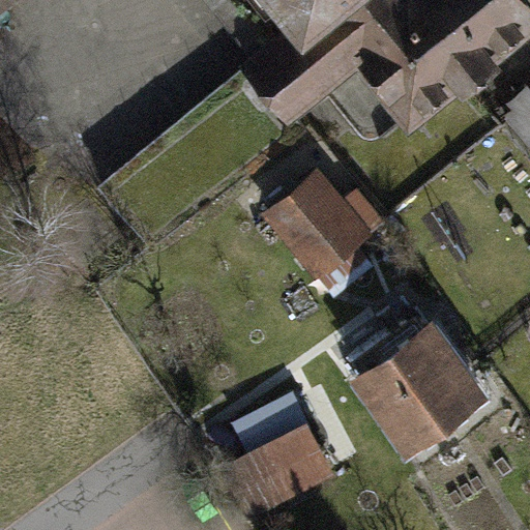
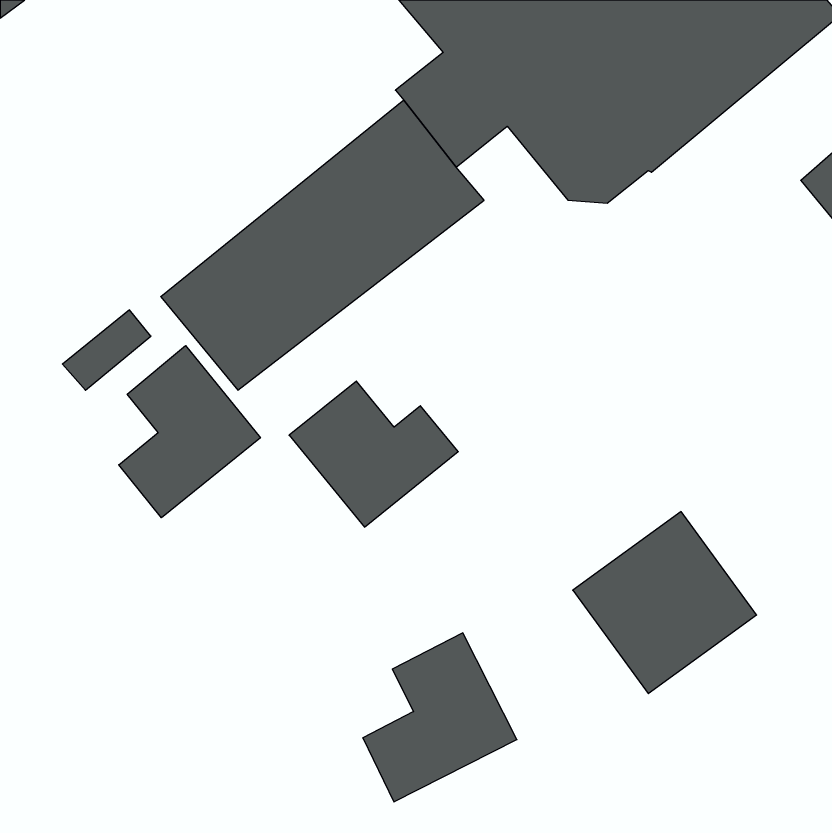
building: [276,176,383,268] -> [289,381,458,527]
building: none -> [119,346,260,518]

